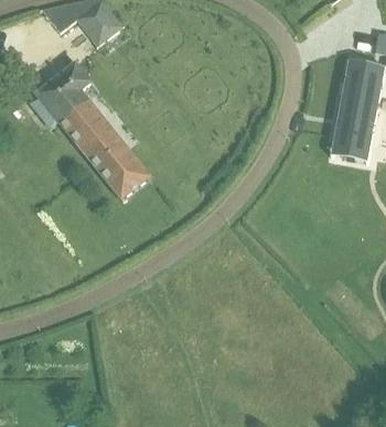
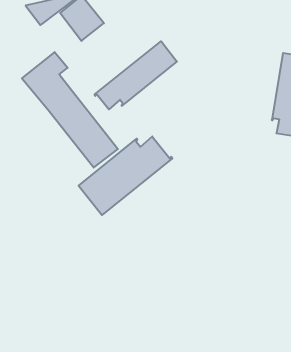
building: none -> [95,41,177,109]
building: none -> [79,136,172,215]

